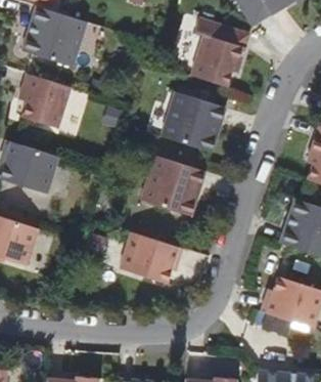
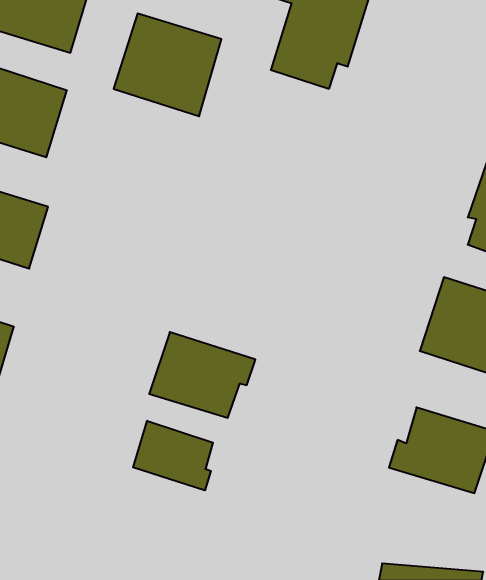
building: [160,90,225,152] -> [114,13,221,116]
building: [141,156,205,215] -> none
building: none -> [133,421,213,490]

